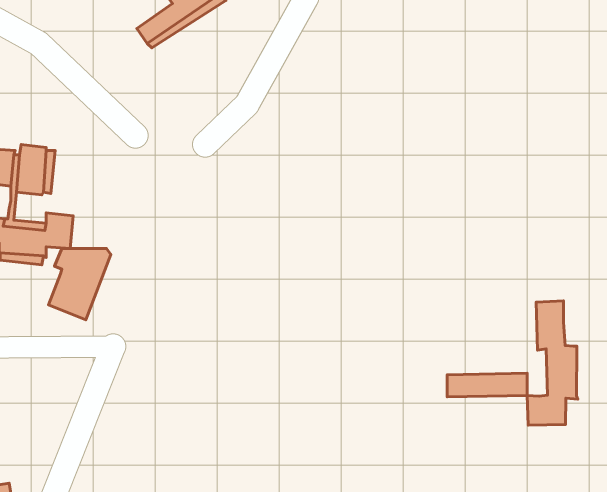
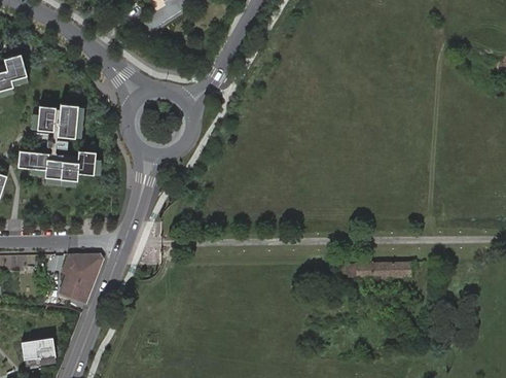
building: [49,248,111,320] -> [59,254,102,304]
building: [527,301,578,425] -> none

